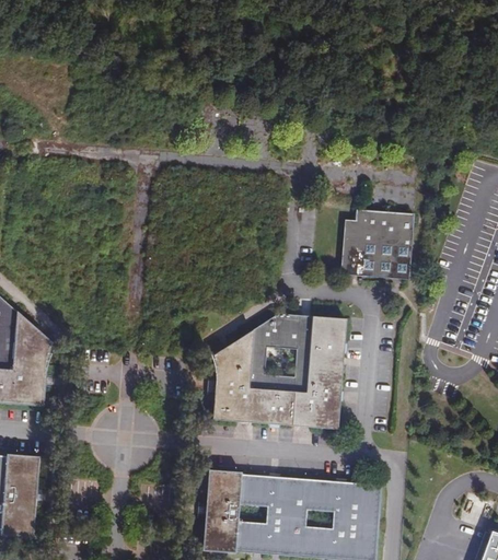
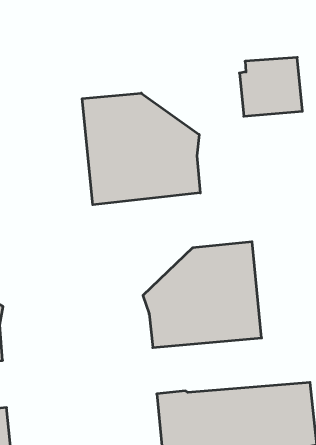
building: none -> [82,93,200,205]
building: [344,209,415,276] -> [239,57,302,116]

